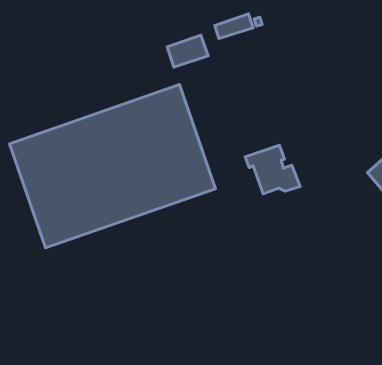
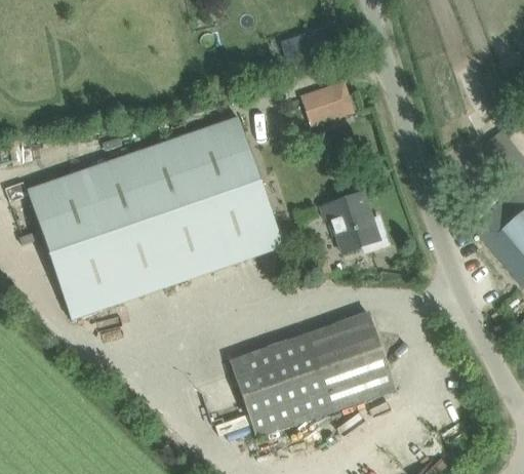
building: [167,35,208,67] -> [301,82,353,122]
building: none -> [233,313,397,436]

